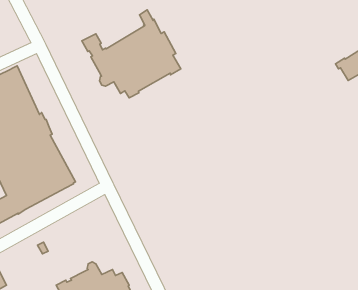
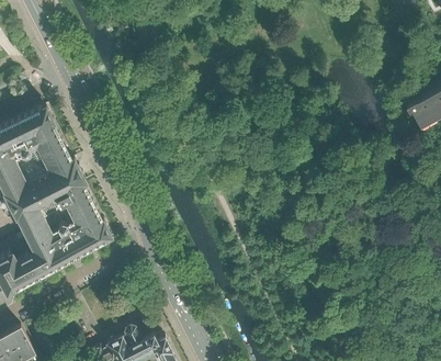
building: [82,10,181,98] -> none

